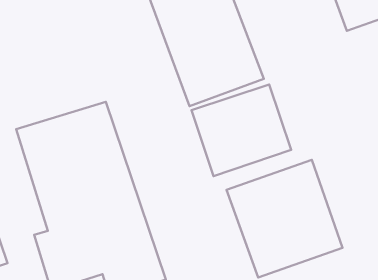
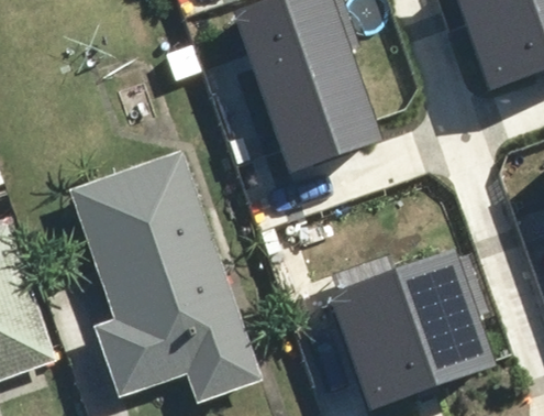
building: [191,85,291,176] -> none

